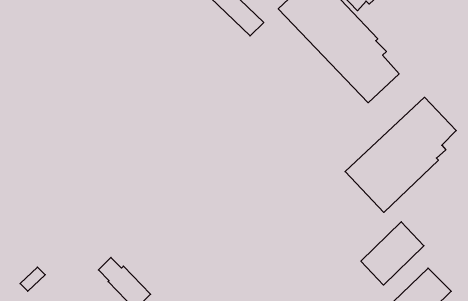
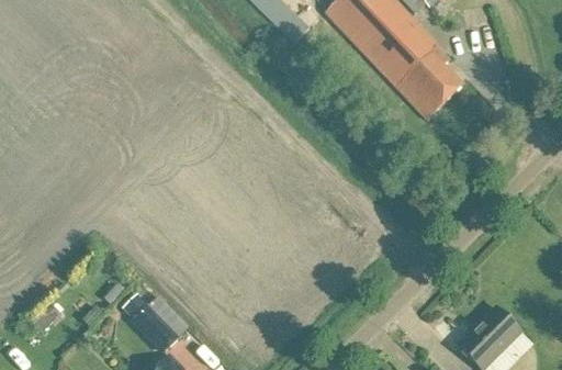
building: [345,97,456,212] -> none
building: [361,222,424,285] -> none

